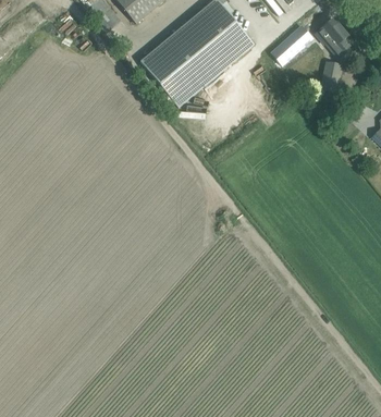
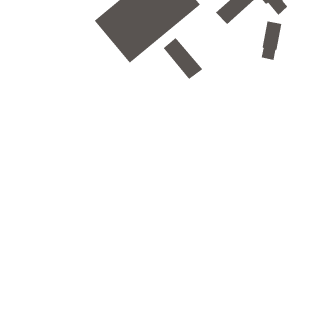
building: none -> [163,37,203,80]

